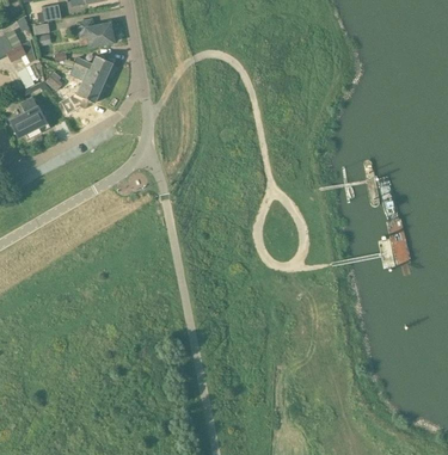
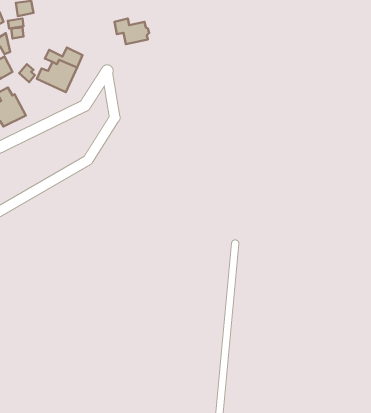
building: [76,19,113,47] -> [115,18,149,44]

